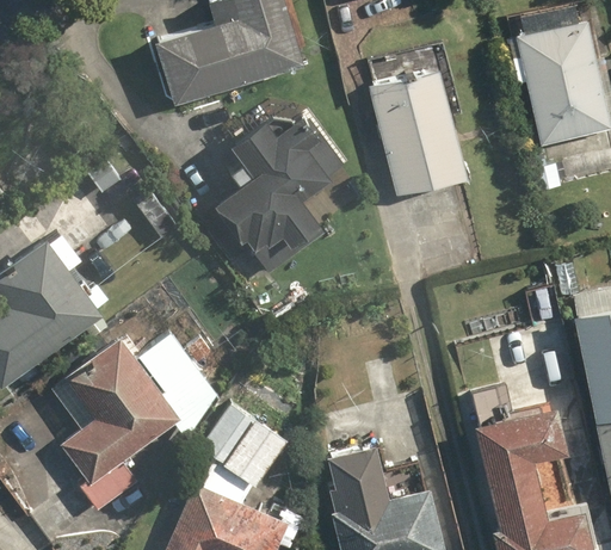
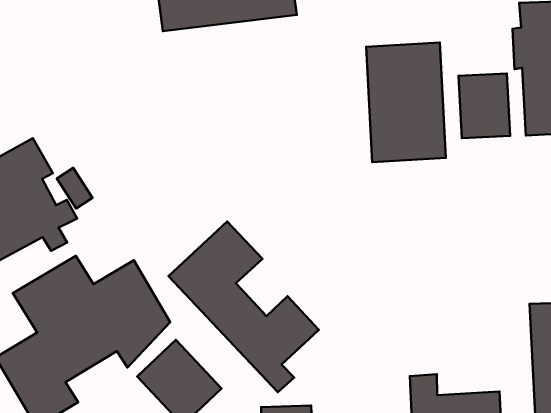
building: none -> [459,73,510,138]
building: [211,110,345,282] -> none
building: none -> [169,221,319,392]

